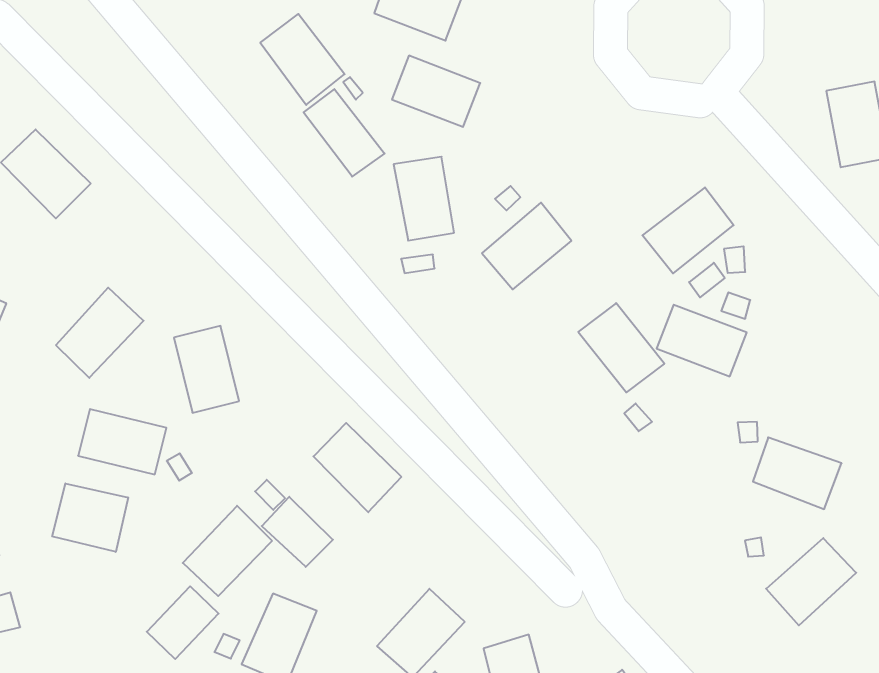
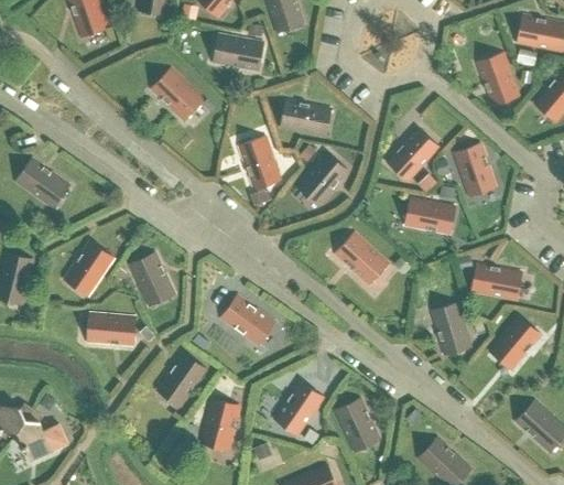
building: [392,56,480,127] -> [281,100,329,136]
building: [304,89,385,177] -> none
building: none -> [455,144,496,196]
building: [578,303,664,392] -> [336,234,388,283]
building: [52,483,128,552] -> none
building: [262,497,333,567] -> none
building: none -> [433,303,470,354]
building: [147,586,219,659] -> none

